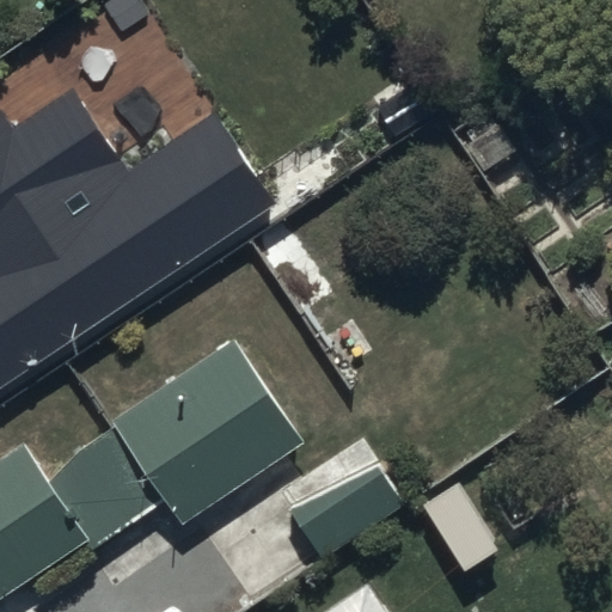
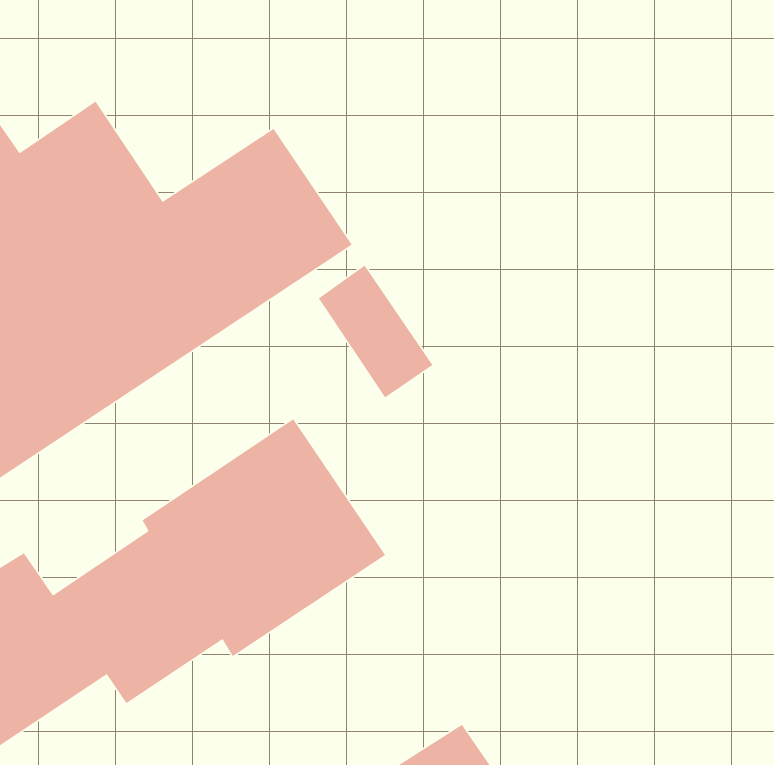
building: [277,446,406,565] -> none

